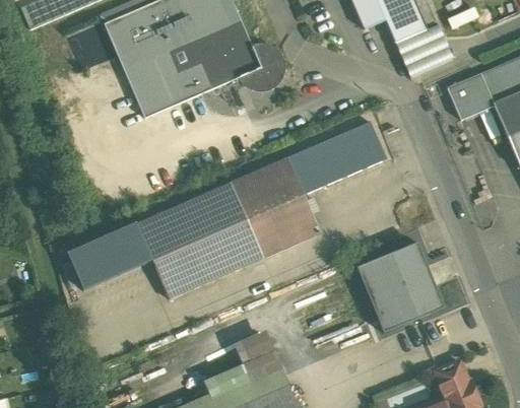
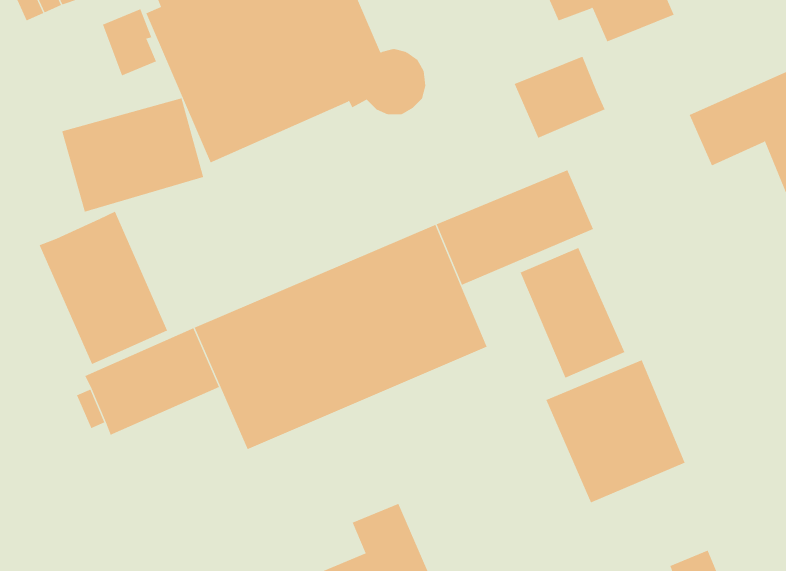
building: [395,24,453,76] -> [514,56,606,139]
building: none -> [61,97,204,213]
building: none -> [39,211,168,365]
building: none -> [520,247,625,378]

